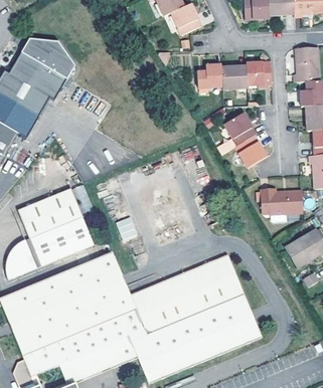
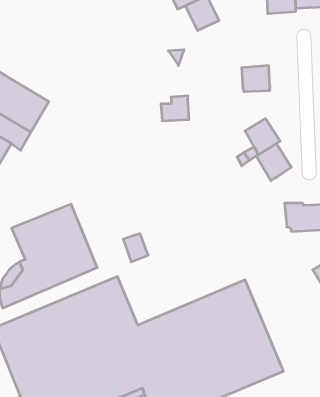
building: [14,41,78,102] -> none
building: [246,60,271,83] -> none
building: [197,63,222,85] -> [161,96,189,121]

